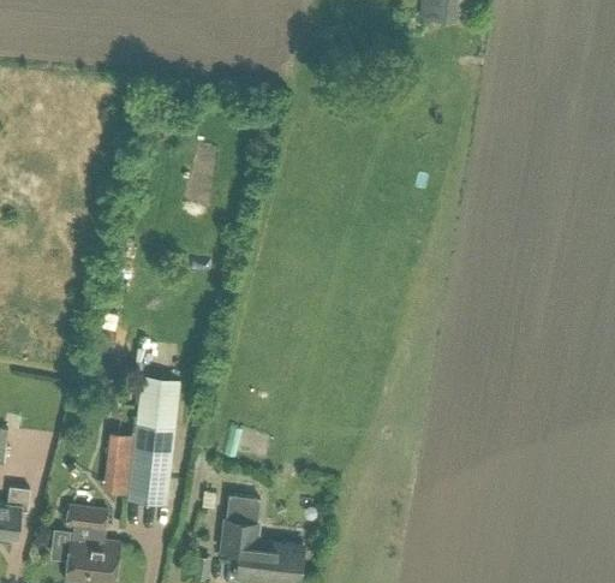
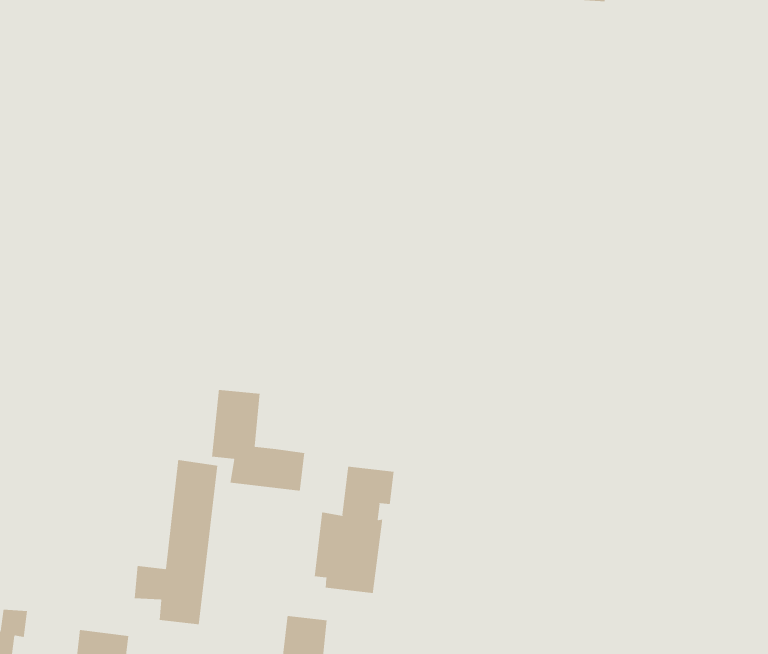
building: none -> [212,389,305,492]
building: none -> [314,466,394,594]

